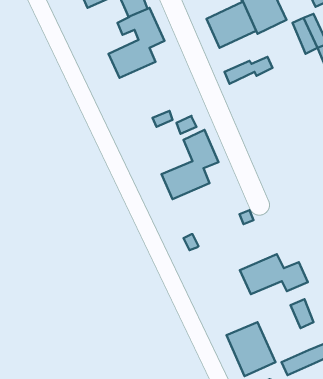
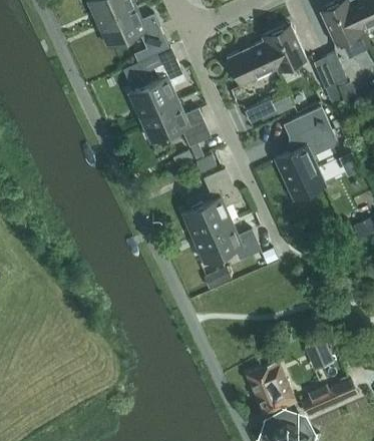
building: none -> [139,101,210,146]
building: none -> [275,108,337,199]
building: [240,254,308,294] -> [193,223,261,263]

